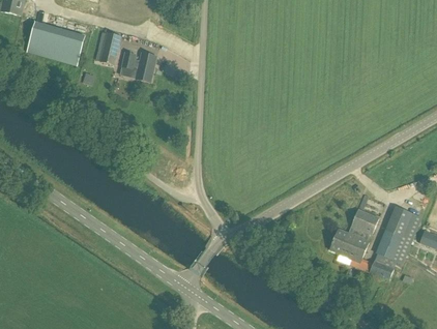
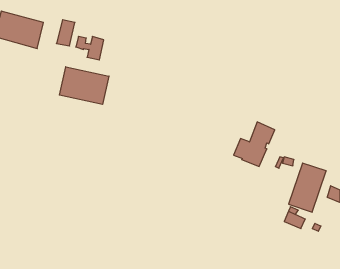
building: none -> [59,67,109,104]
building: [329,208,378,261] -> [234,122,275,166]

